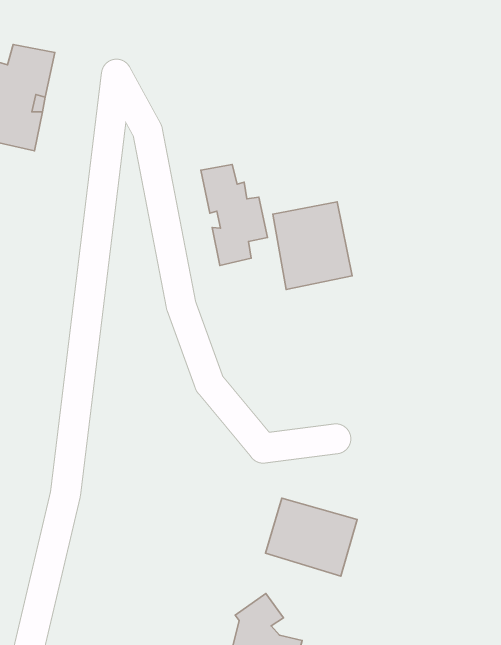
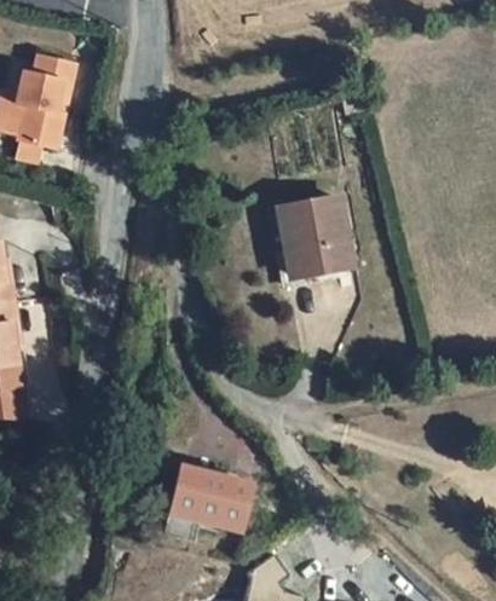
building: [201,165,268,265] -> none
building: [266,498,357,576] -> [171,464,253,534]

